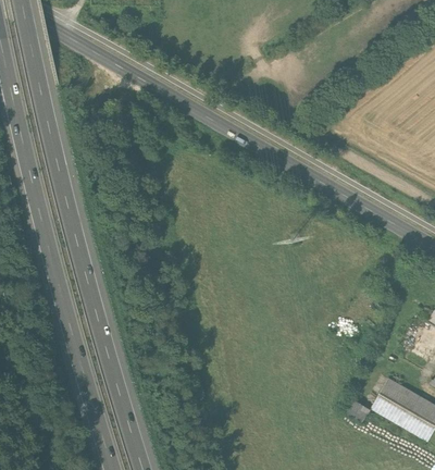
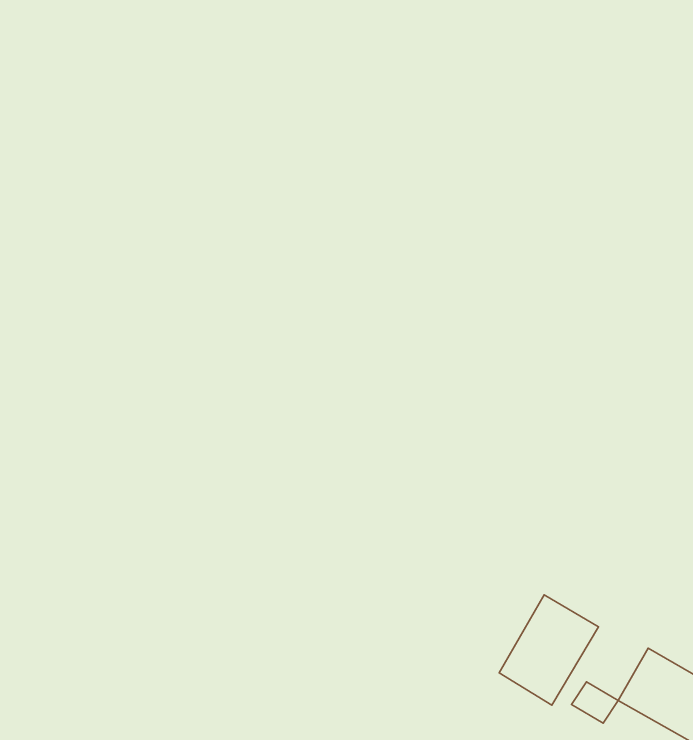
building: none -> [499,595,598,705]

